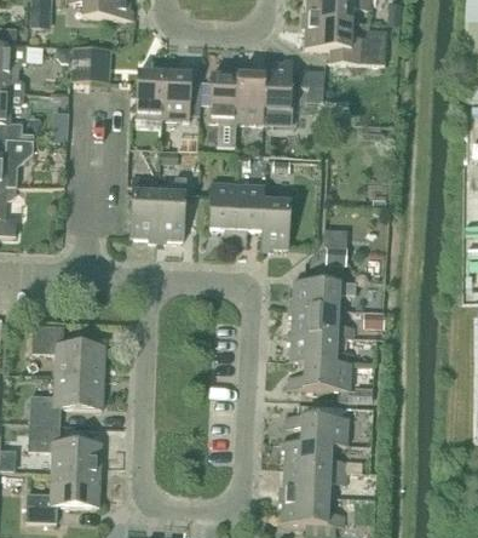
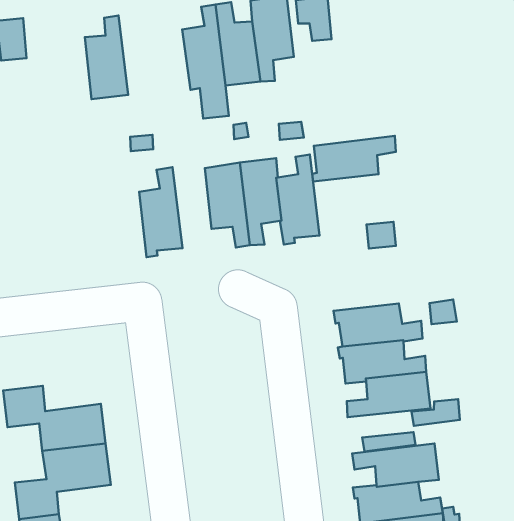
building: [163,58,192,120] -> none
building: [131,177,160,242] -> none
building: [290,279,357,308] -> [312,136,396,182]

